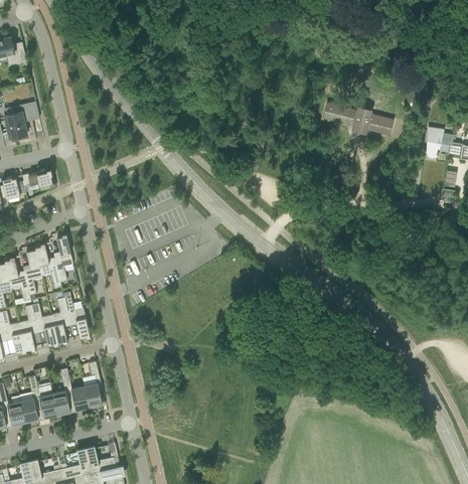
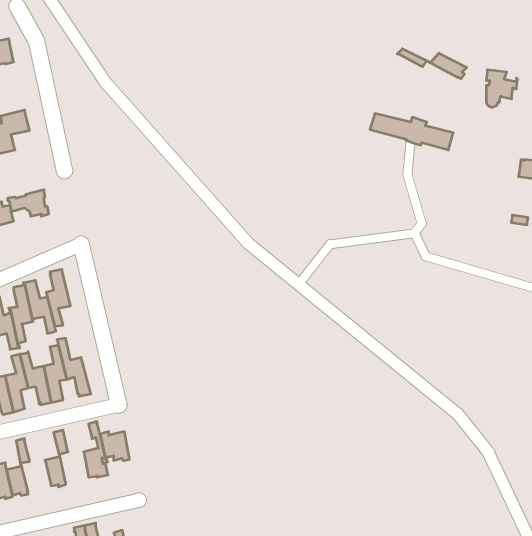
building: none -> [397,49,467,79]
building: [426,128,452,159] -> [486,70,518,107]
building: [63,386,88,412] -> [100,432,129,462]
building: [31,390,56,418] -> none

